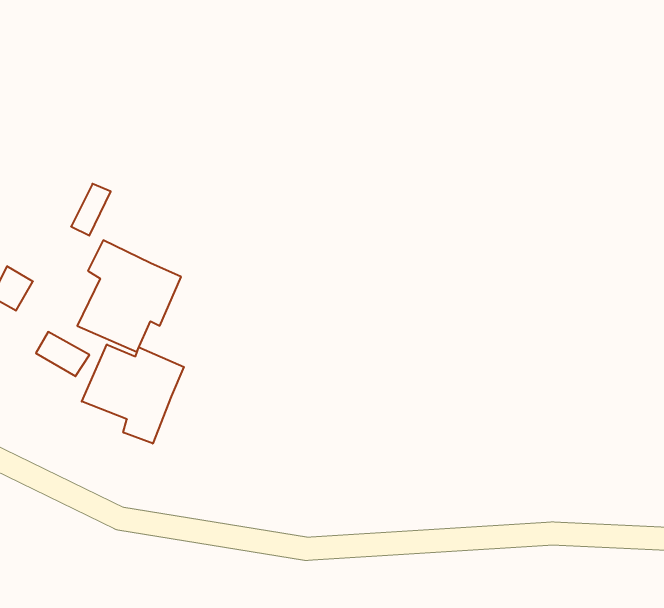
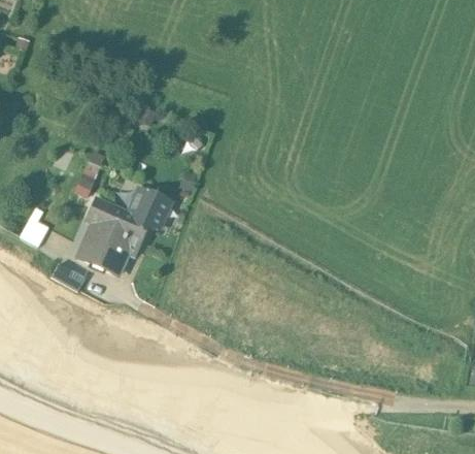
building: none -> [128,187,169,227]
building: [82,344,184,444] -> none

